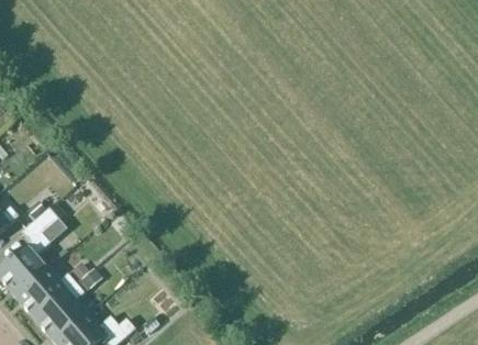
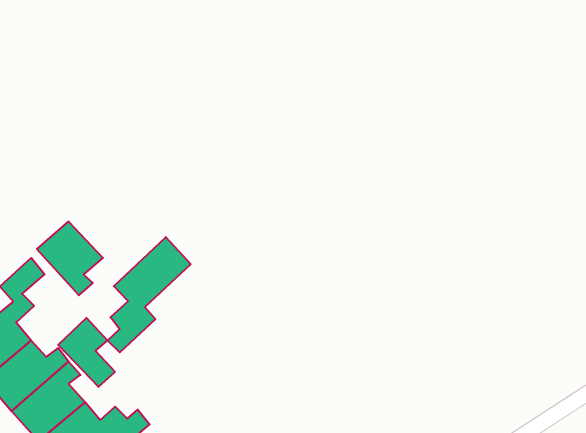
building: none -> [37,221,103,295]
building: none -> [108,237,191,352]

